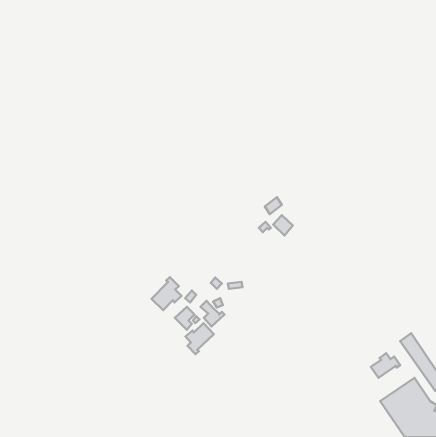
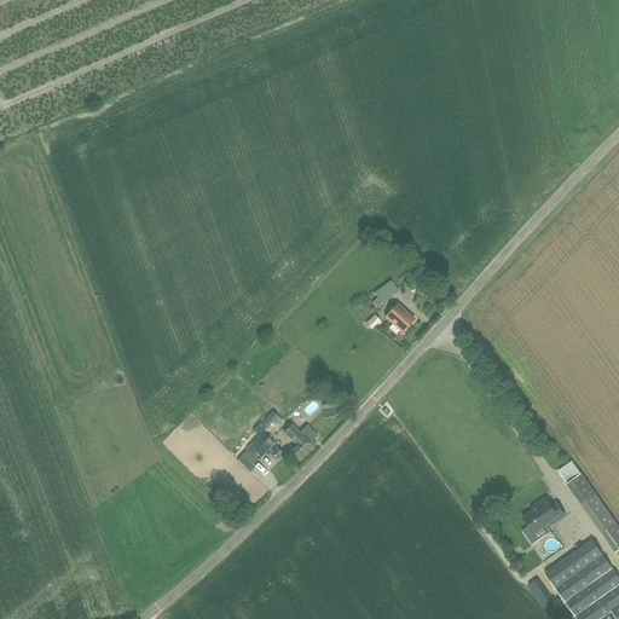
building: [151,277,182,310] -> none
building: [185,323,214,354] -> none

